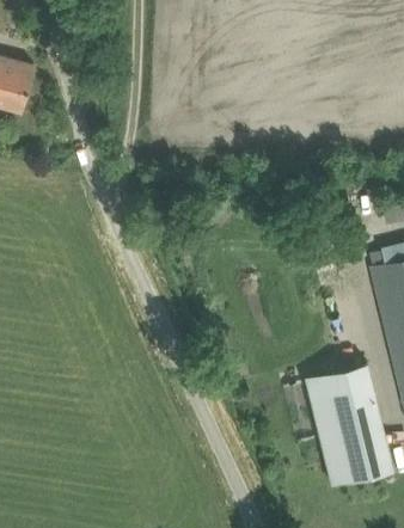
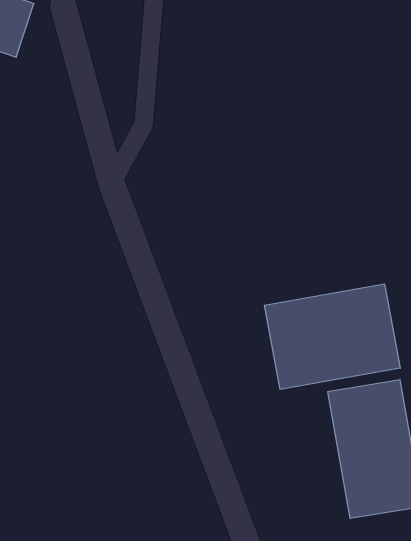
building: none -> [264,284,400,389]

